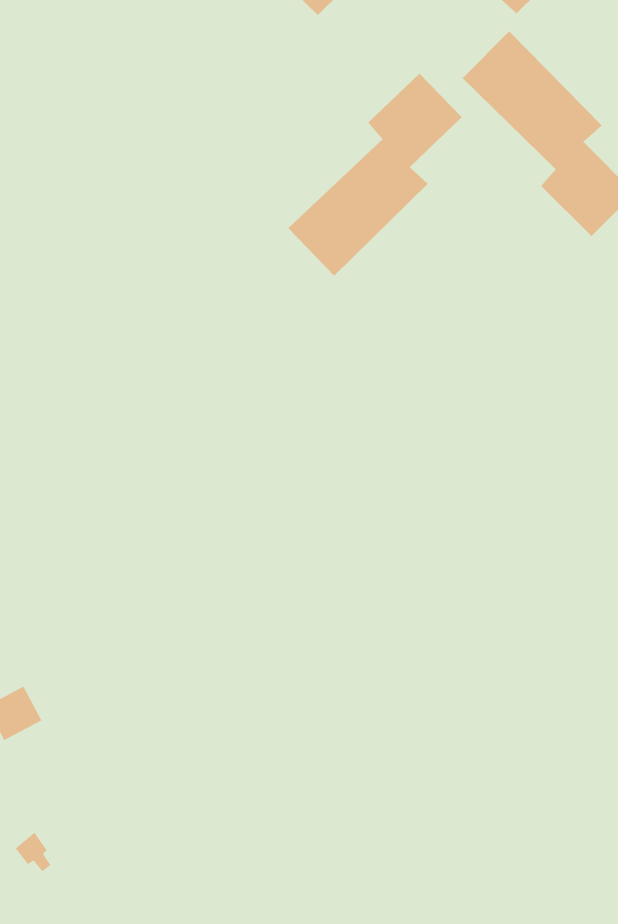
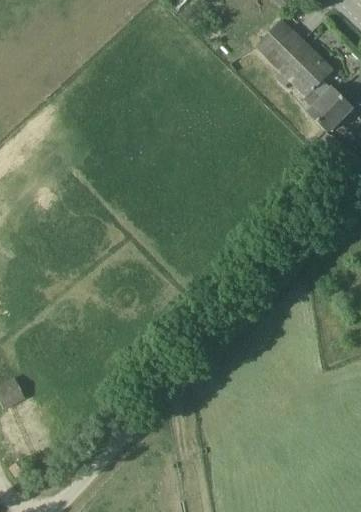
building: [288,73,462,277] -> none

